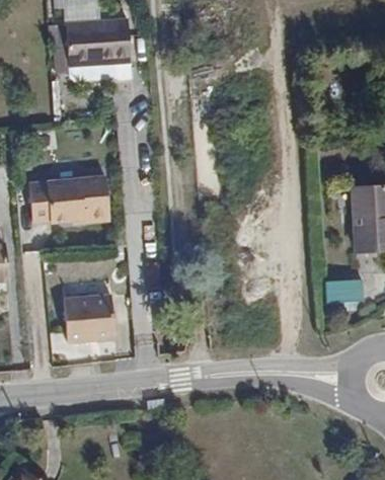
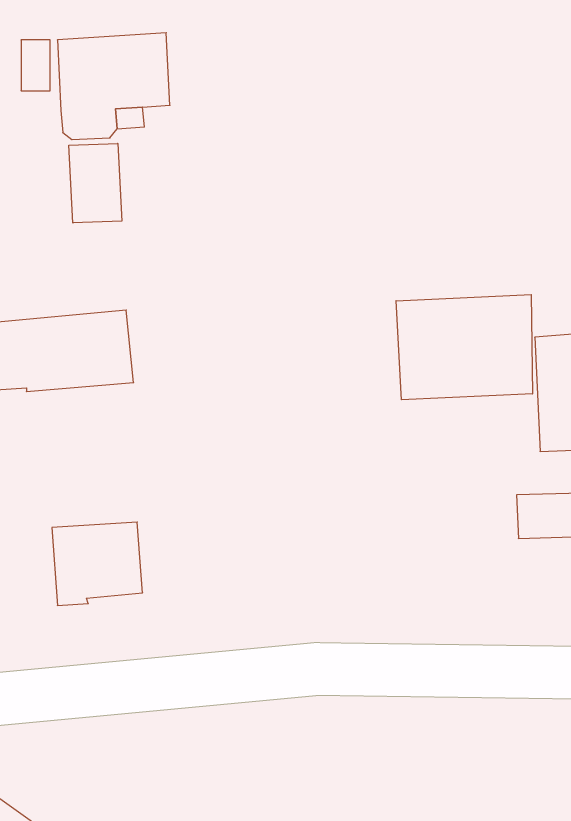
building: none -> [69,143,122,223]
building: none -> [396,295,532,400]

